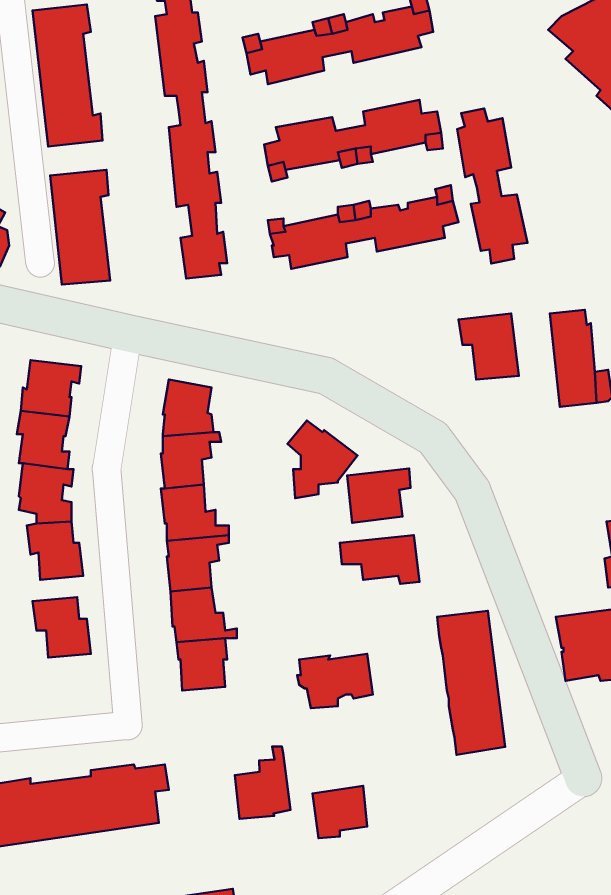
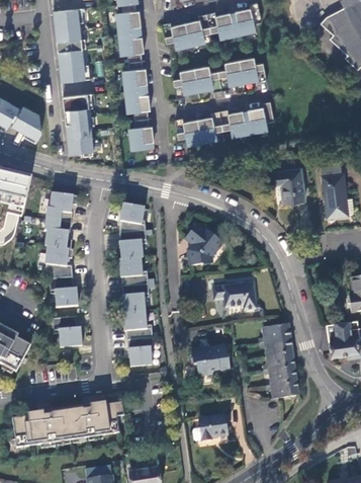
building: [457,109,528,263] -> none
building: [347,468,410,523] -> none
building: [235,747,290,819] -> none

